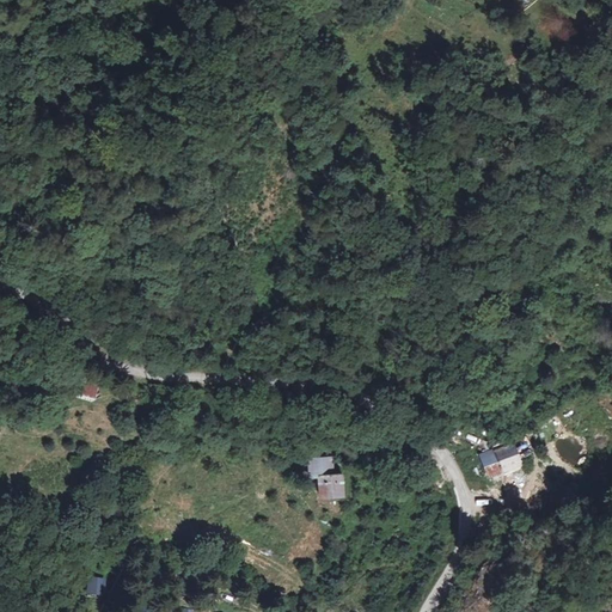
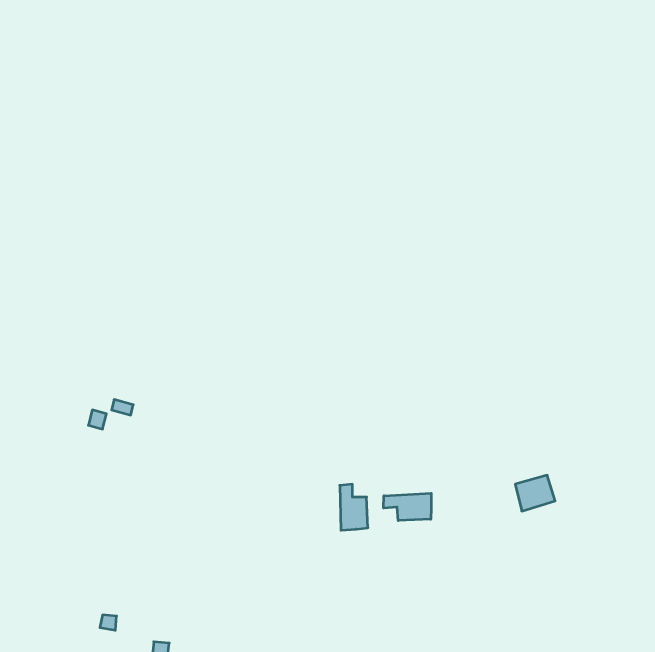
building: none -> [384,493,431,521]

